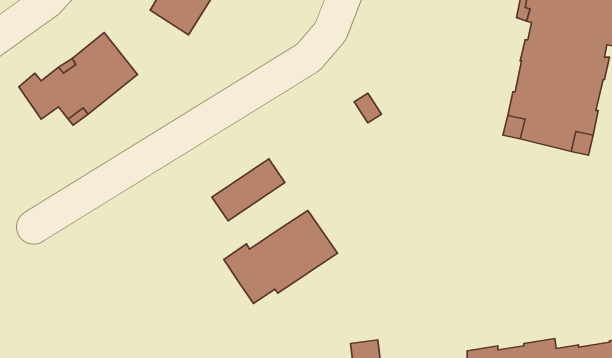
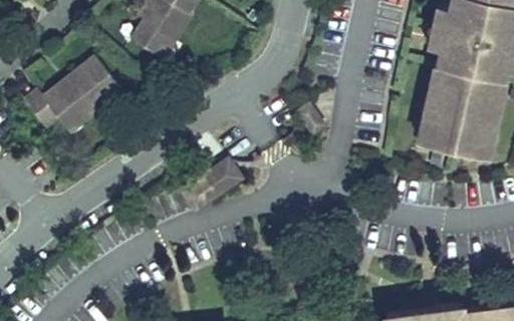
building: [224,210,337,303] -> none

